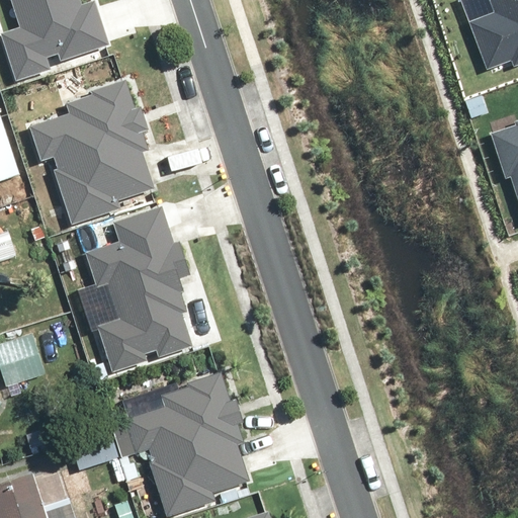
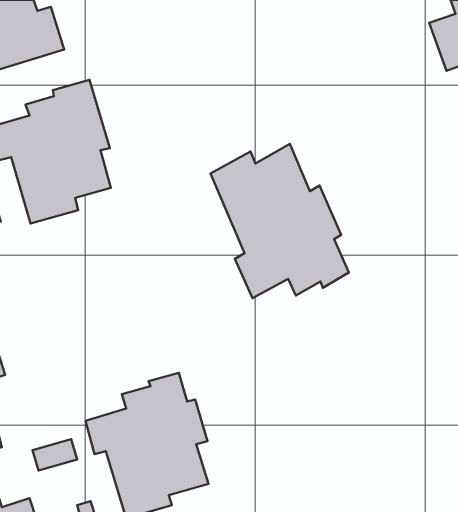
building: none -> [210,144,349,298]
building: [86,208,193,369] -> none

